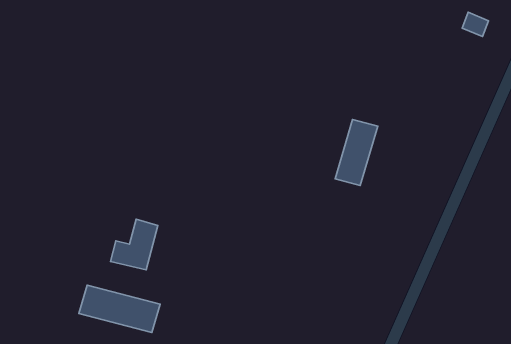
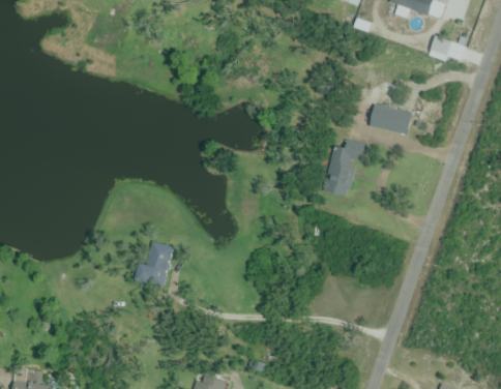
building: none -> [367,104,411,134]
building: [79,285,160,332] -> none

